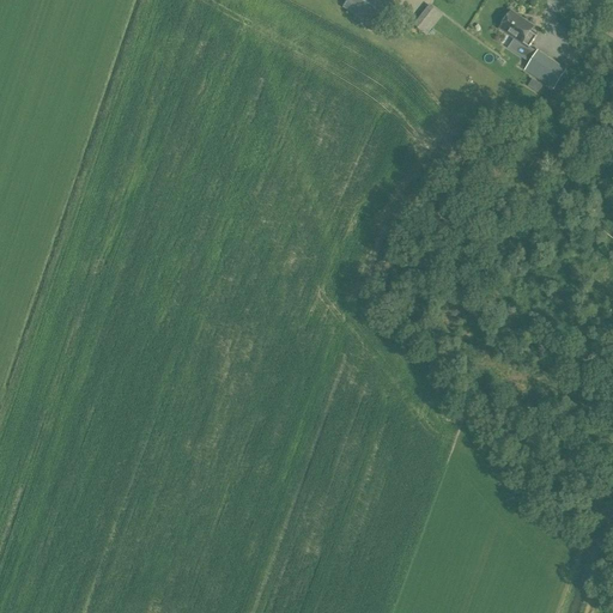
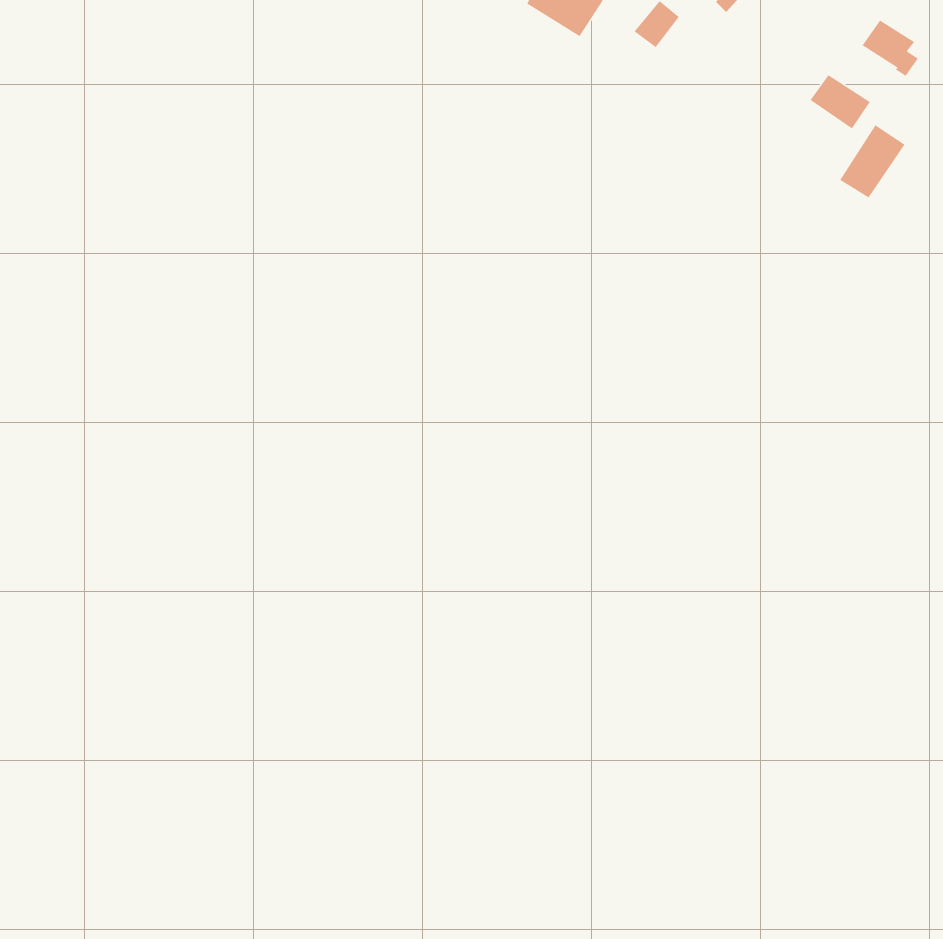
building: [497,7,534,44] -> [861,20,919,77]
building: none -> [839,124,906,198]

